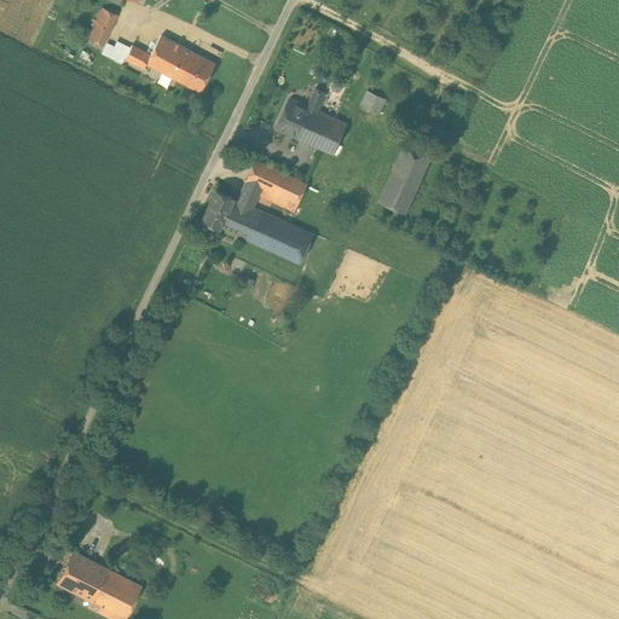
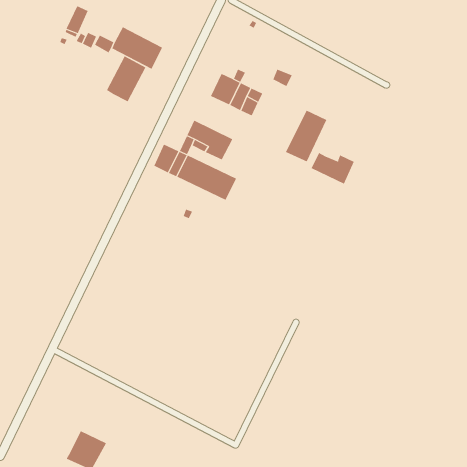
building: none -> [106,55,146,102]
building: none -> [311,152,355,184]
building: [56,551,106,601] -> none

